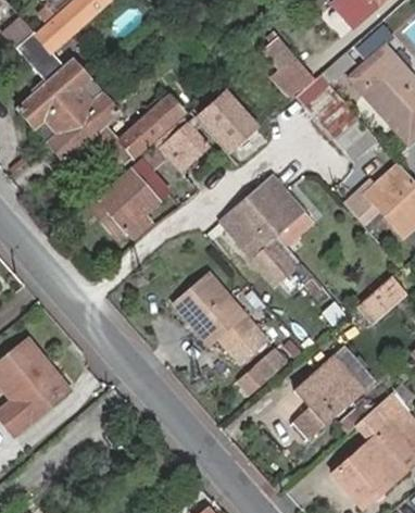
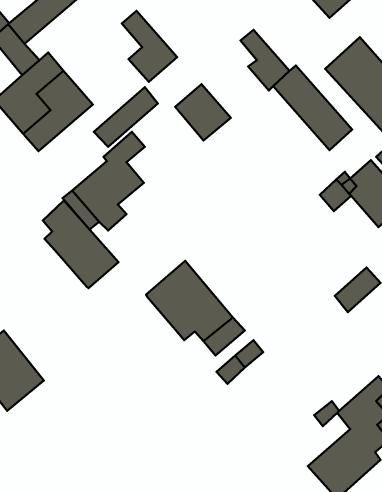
building: none -> [122,11,177,82]
building: [156,115,207,168] -> none
building: [224,177,320,278] -> none
building: none -> [43,201,119,288]
building: [295,349,372,436] -> none

